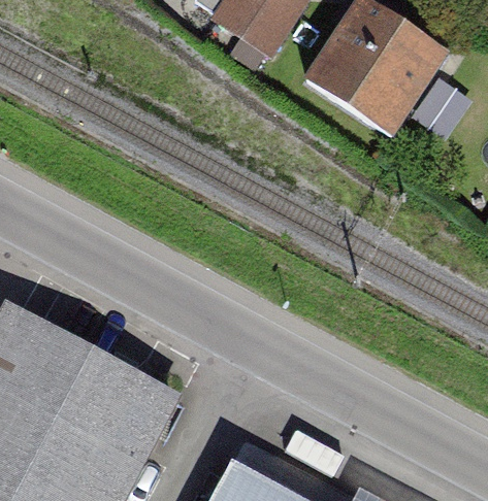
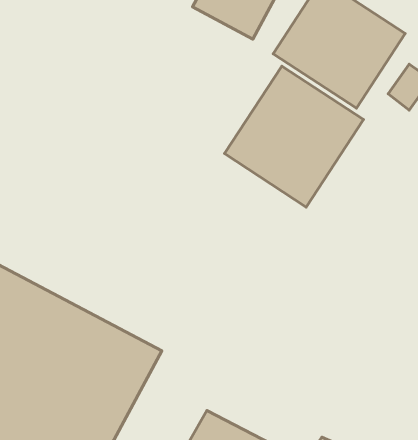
building: none -> [224,66,364,207]

